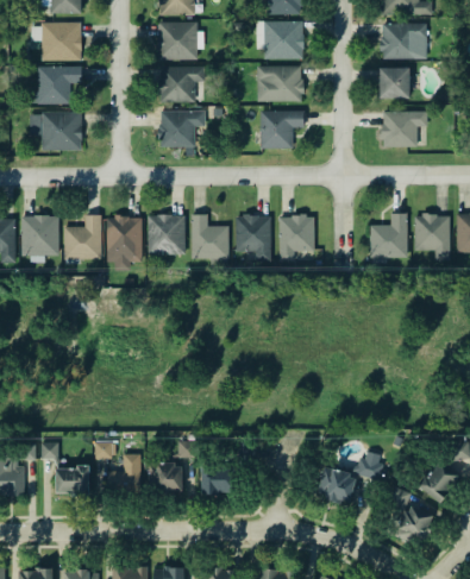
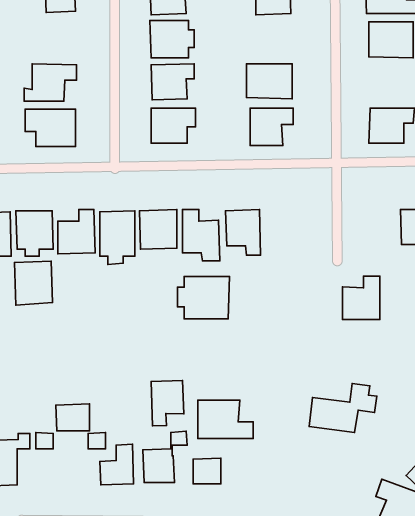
building: [259,20,302,58] -> none
building: [31,23,81,61] -> none
building: [378,67,409,97] -> none
building: [369,213,407,257] -> [343,276,380,319]
building: [278,215,314,260] -> none
building: none -> [15,261,52,305]
building: none -> [177,277,229,319]
building: none -> [151,380,184,426]
building: none -> [198,400,253,439]
building: [318,451,387,501] -> [309,383,377,432]
building: [55,466,89,493] -> [56,404,89,431]

